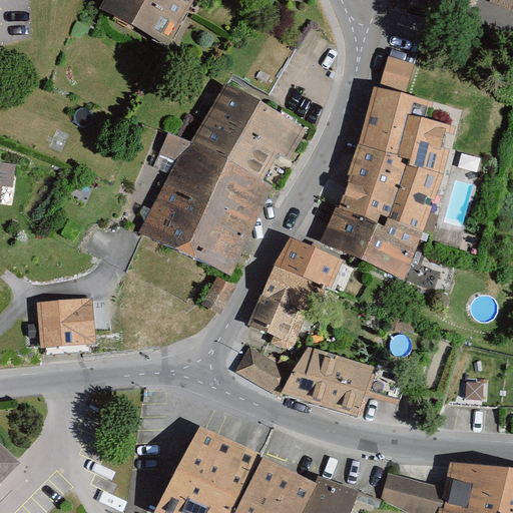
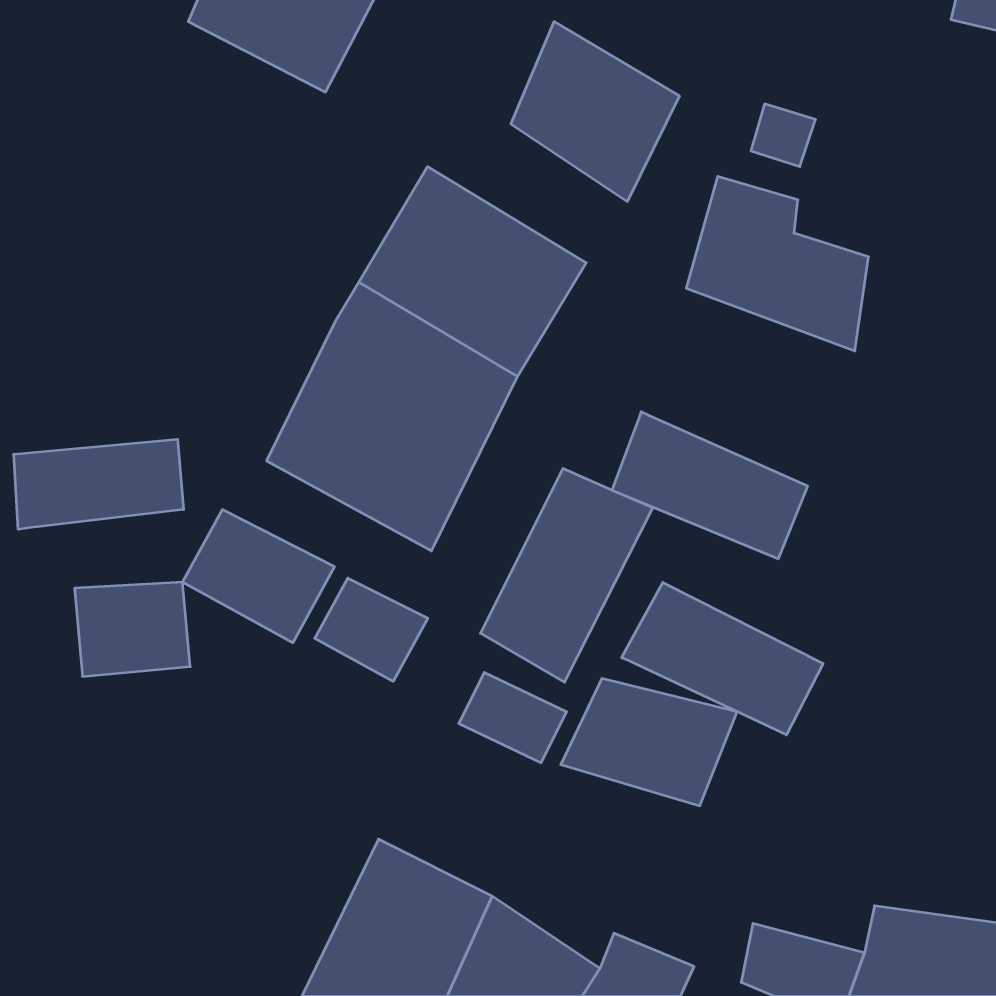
building: none -> [511,22,679,202]
building: [335,147,440,248] -> none
building: none -> [14,439,184,529]
building: none -> [182,510,334,643]
building: none -> [315,578,428,681]
building: none -> [622,582,823,735]

